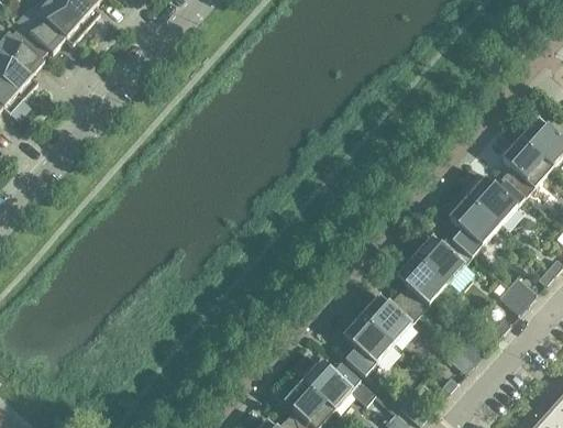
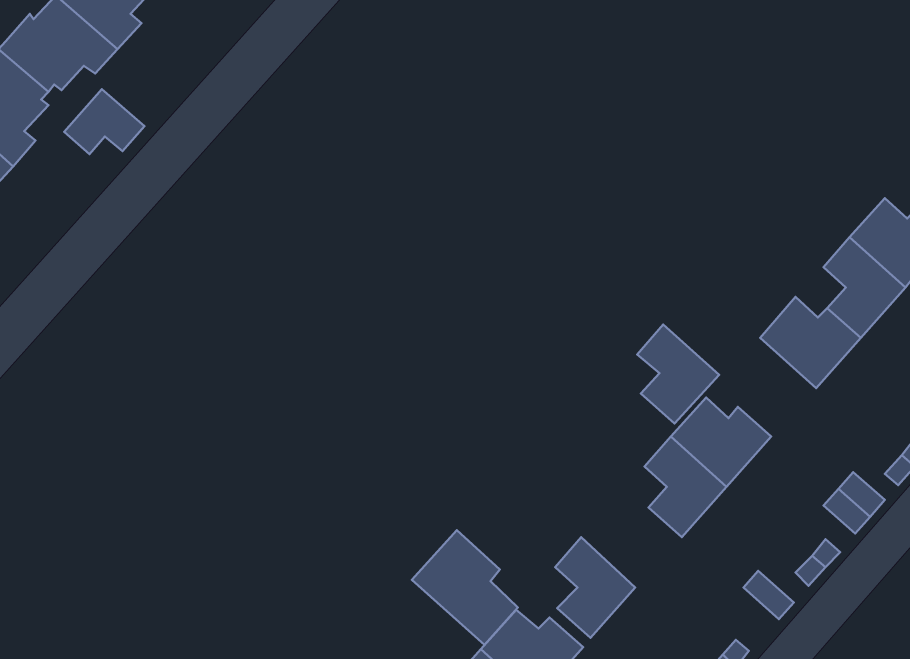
building: none -> [64,89,145,154]
building: [448,200,496,259] -> [637,325,719,423]
building: [357,295,417,348] -> none
building: none -> [412,530,518,645]

